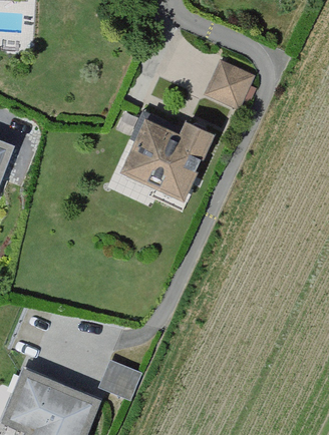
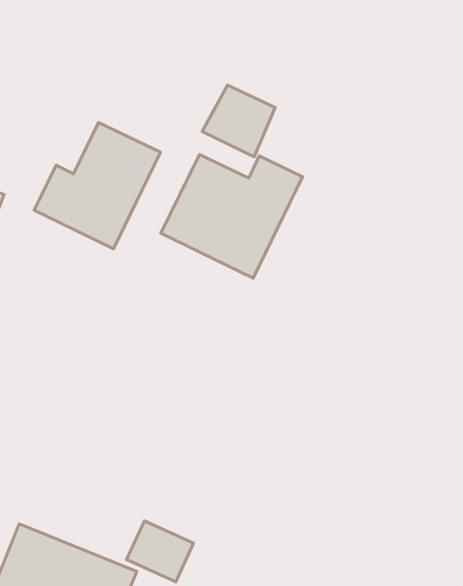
building: [204,62,253,110] -> [202,85,275,157]
building: none -> [34,123,160,249]

